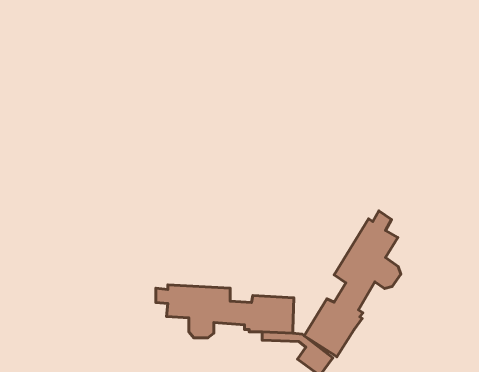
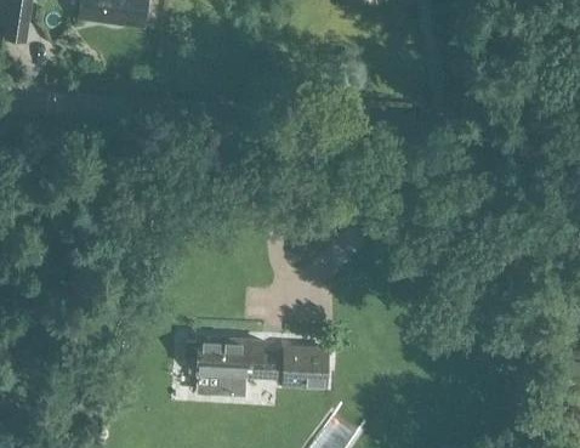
building: [304,211,401,357] -> none

